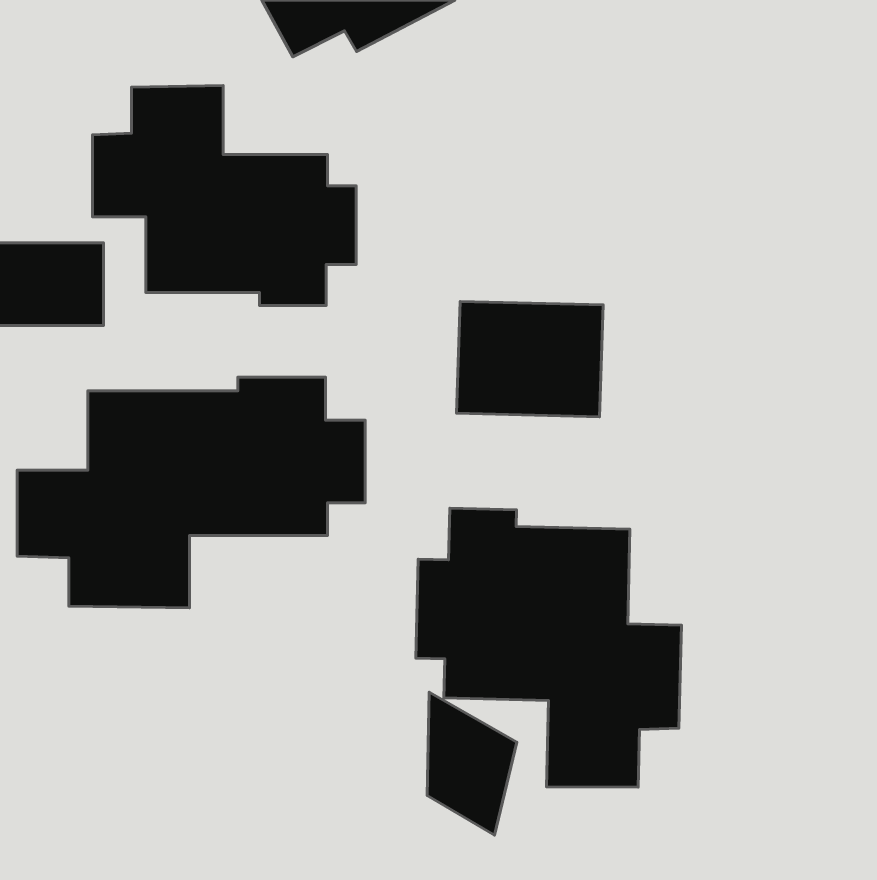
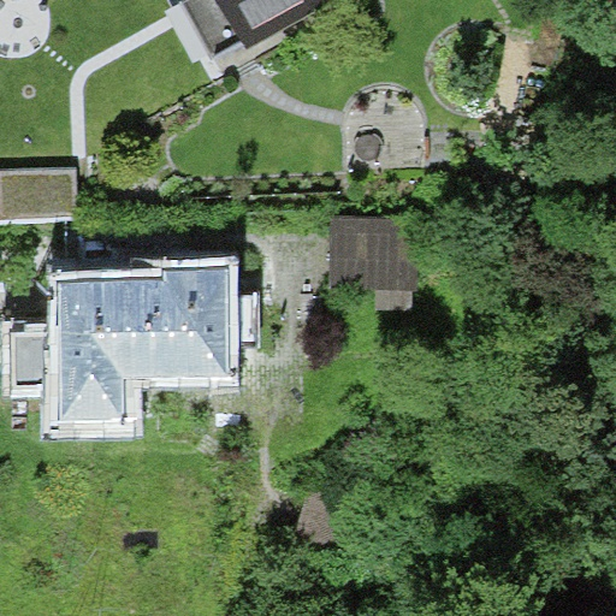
building: [92,86,356,306] -> none
building: [416,508,681,787] -> none

